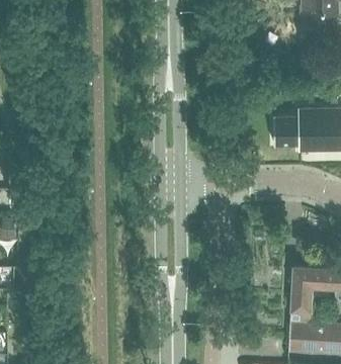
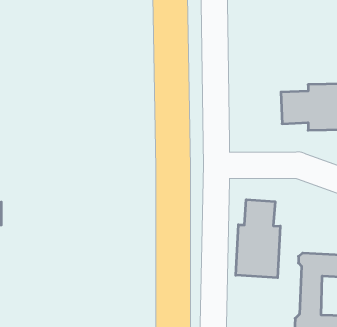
building: none -> [236,200,280,278]

